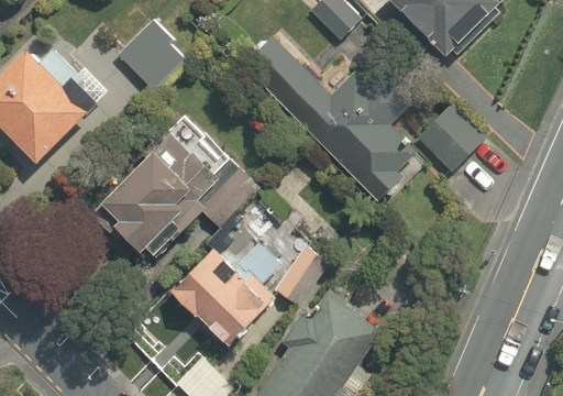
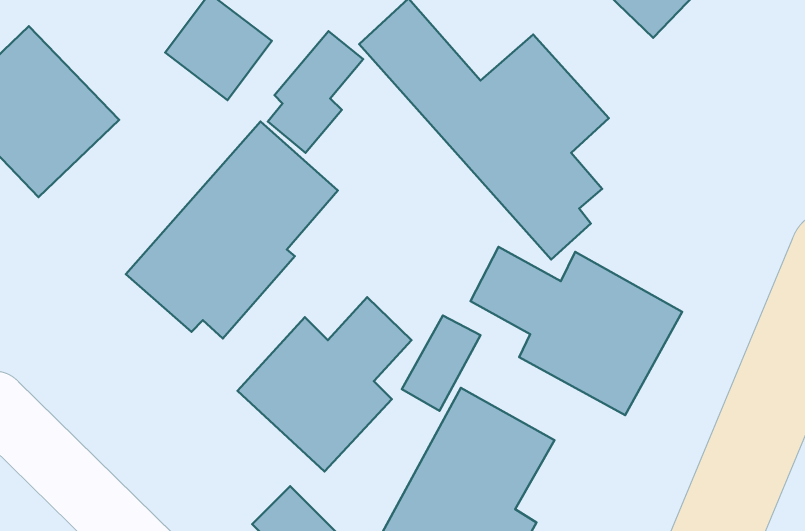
building: [417,94,498,175] -> none
building: [198,168,262,250] -> [268,31,363,153]
building: none -> [470,247,682,415]

